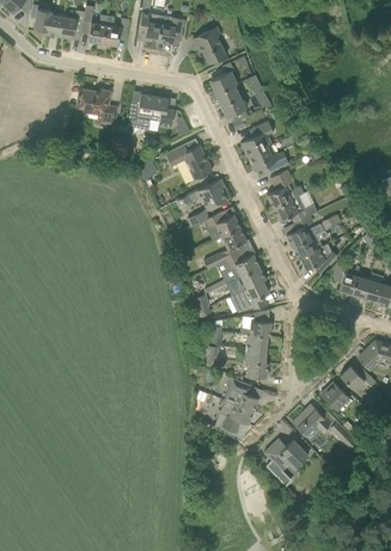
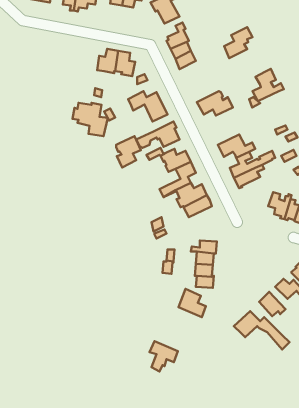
building: [77,90,118,129] -> [72,103,108,136]
building: [242,121,275,158] -> [224,27,252,58]
building: [267,170,304,208] -> [253,69,284,101]
building: none -> [116,136,141,167]
building: [300,246,337,275] -> none
building: [230,282,269,313] -> none
building: [220,400,253,436] -> [150,341,178,371]
building: [264,439,308,477] -> none

